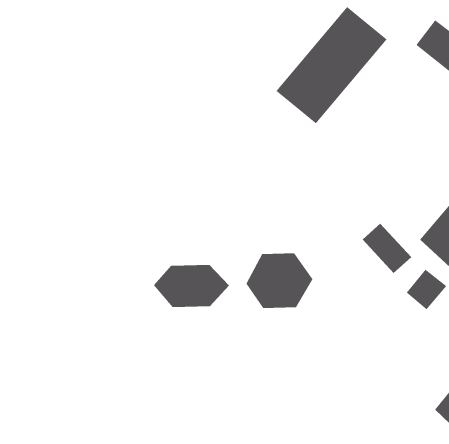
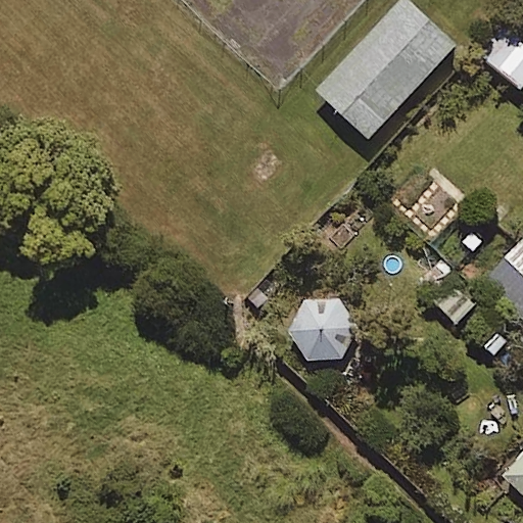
building: [153,264,230,308] -> none

